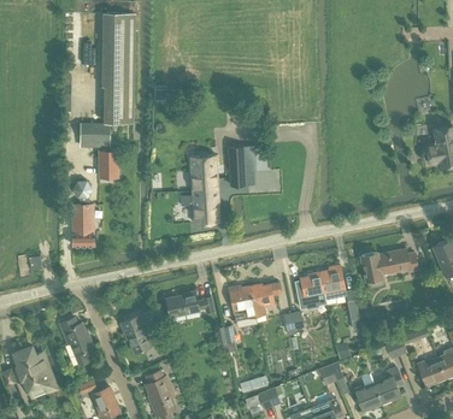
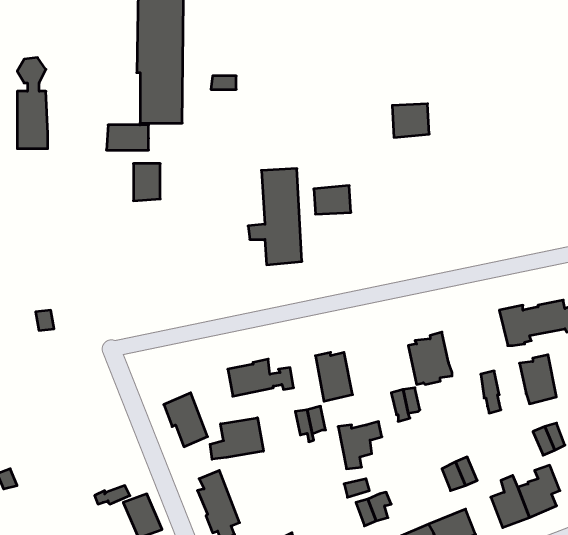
building: [226,146,253,170] -> [392,104,429,137]
building: [72,181,94,246] -> [17,58,48,149]
building: [319,266,346,301] -> [519,355,556,404]
building: [249,283,281,317] -> [338,422,382,469]
building: [59,318,93,366] -> none
building: none -> [210,418,263,459]
building: [13,346,57,391] -> none

